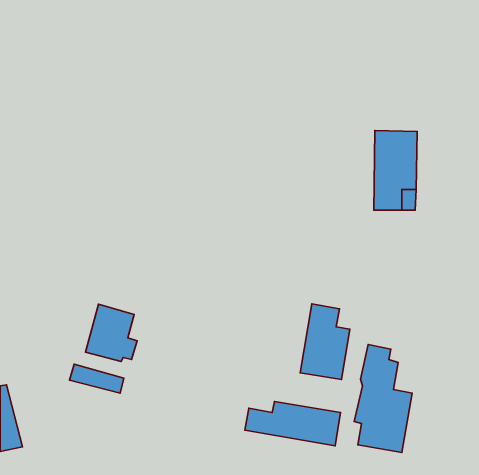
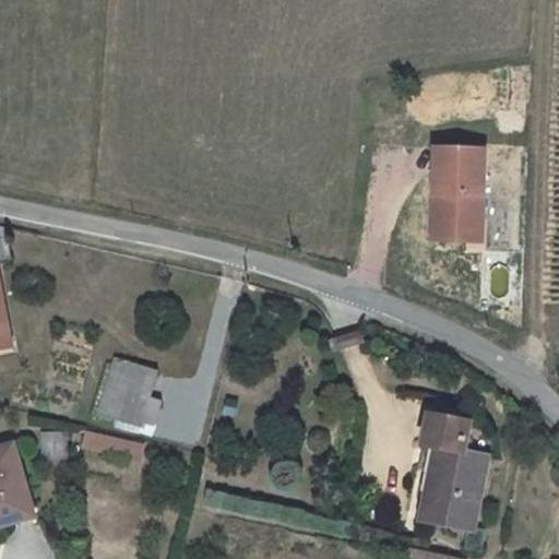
building: [300,304,350,380] -> none
building: [245,401,340,446] -> none

